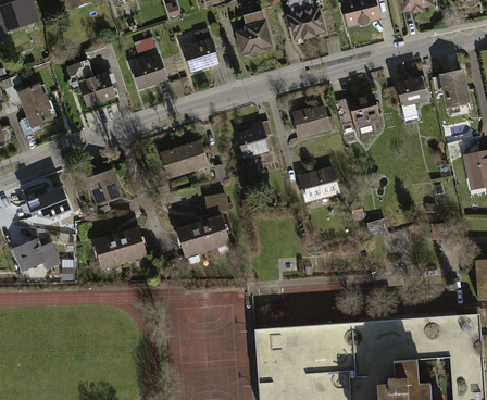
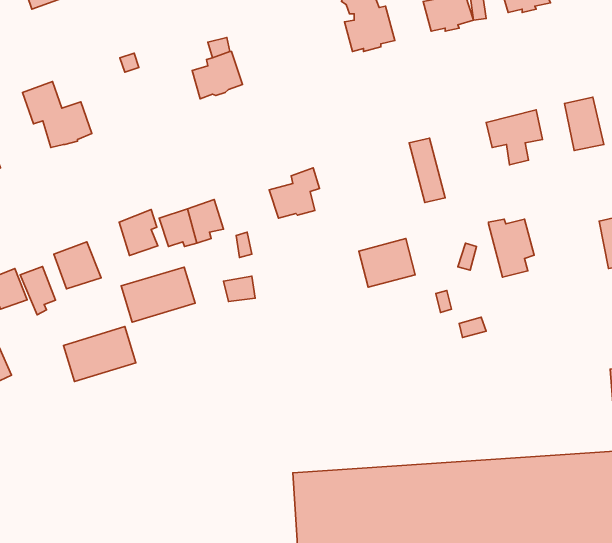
building: [236,11,271,52] -> none
building: [132,54,166,87] -> none
building: [348,95,379,135] -> [489,219,534,277]
building: [292,105,327,137] -> none
building: none -> [119,210,158,255]
building: none -> [20,266,55,315]
building: [177,216,228,254] -> [121,267,195,322]

